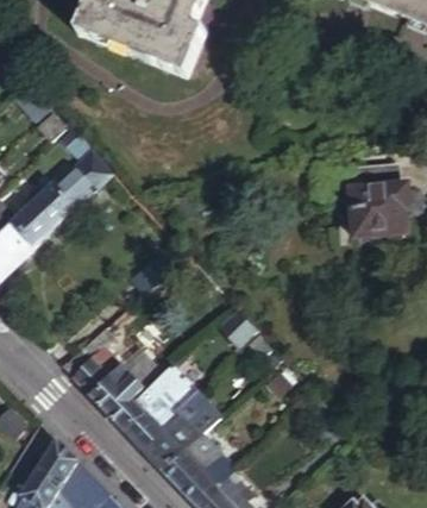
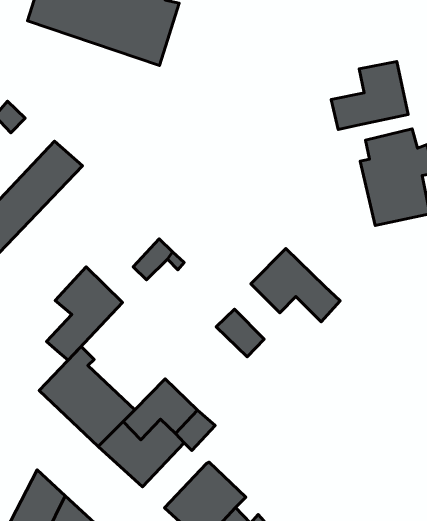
building: none -> [331,61,408,130]
building: none -> [251,248,340,322]
building: none -> [47,267,122,360]
building: [145,419,201,473] -> none

